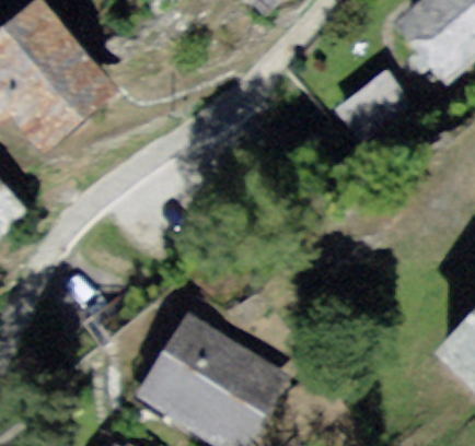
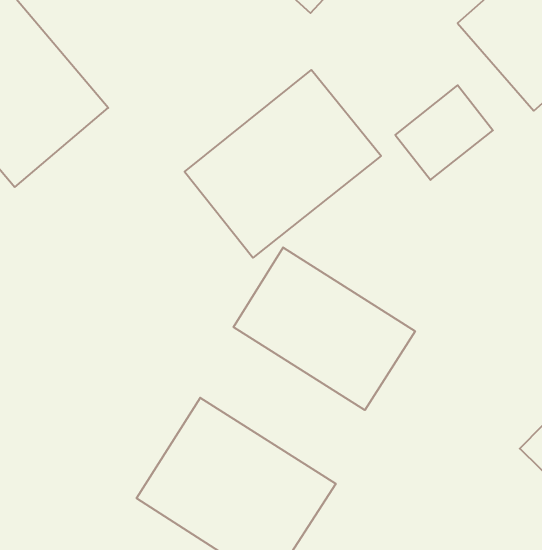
building: none -> [185,70,381,258]
building: none -> [234,247,415,410]

